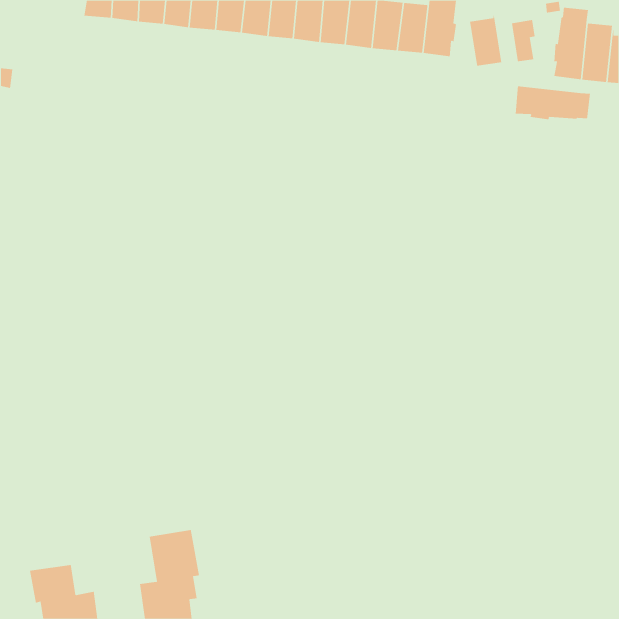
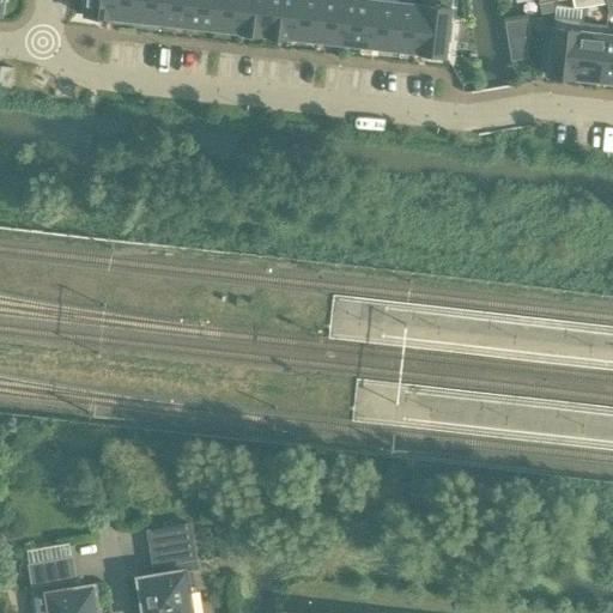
building: [470,14,502,67] -> none
building: [515,86,590,120] -> none

